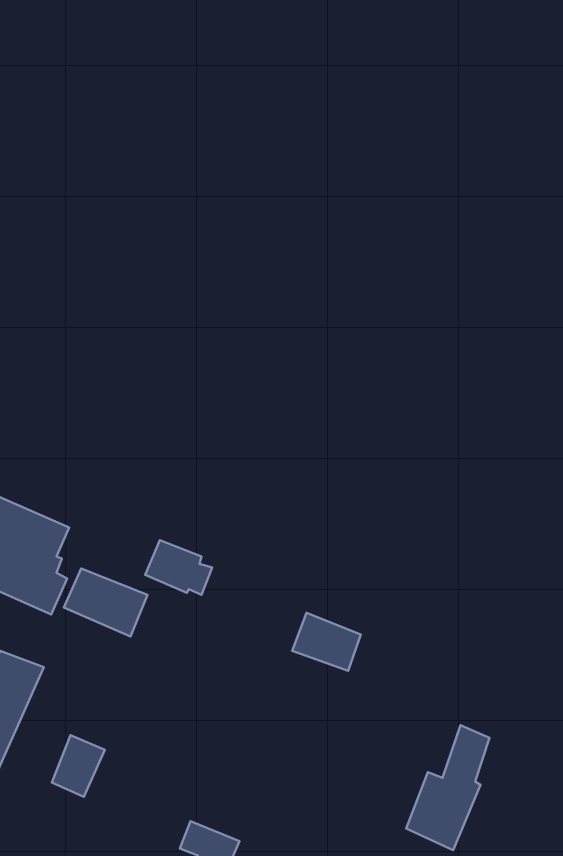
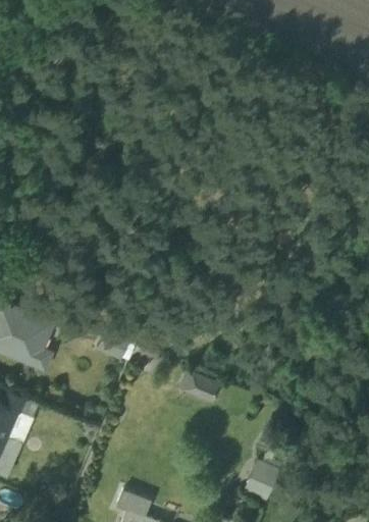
building: [64,569,147,636] -> none
building: [52,735,105,797] -> none

